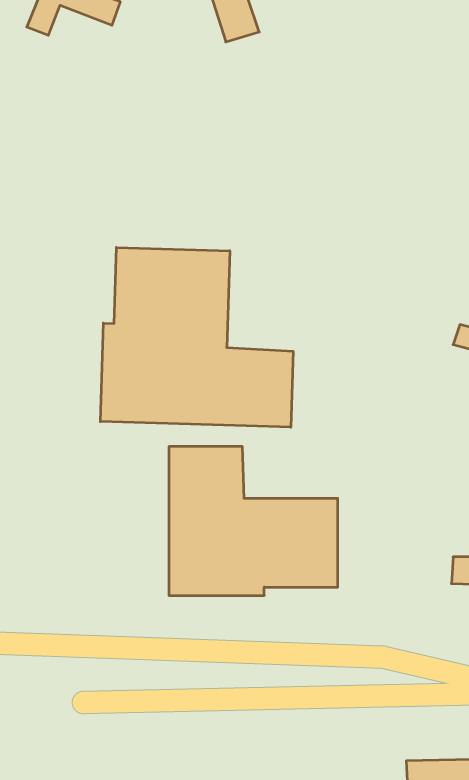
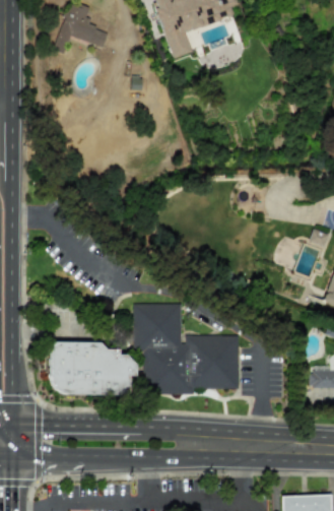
building: [100,247,293,427] -> none
building: none -> [49,342,136,396]

